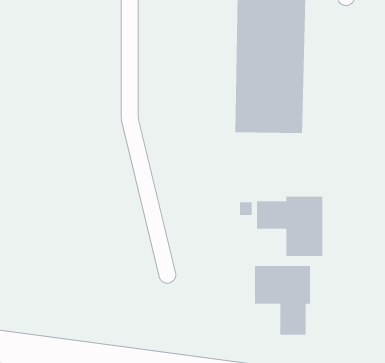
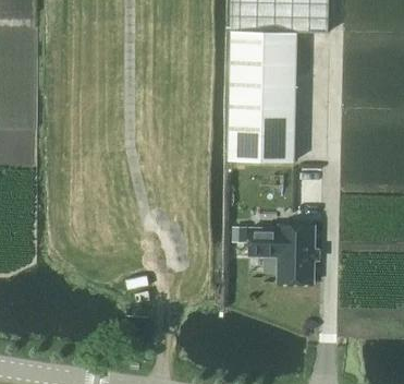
building: [255,265,310,336] -> none

